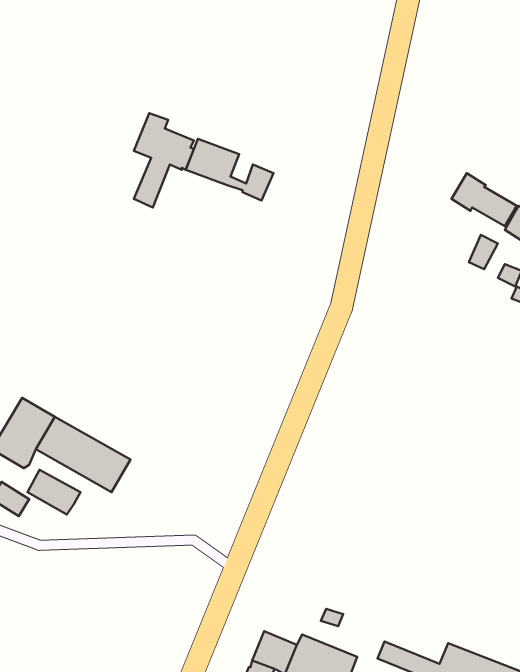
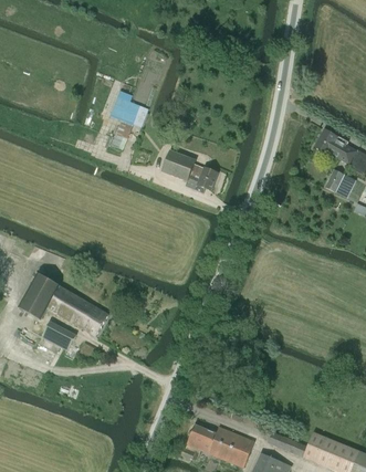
building: [186,139,273,201] -> [161,150,218,190]

